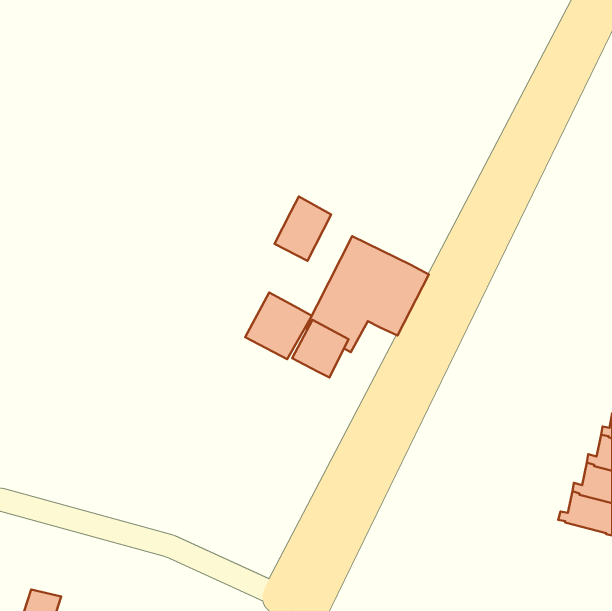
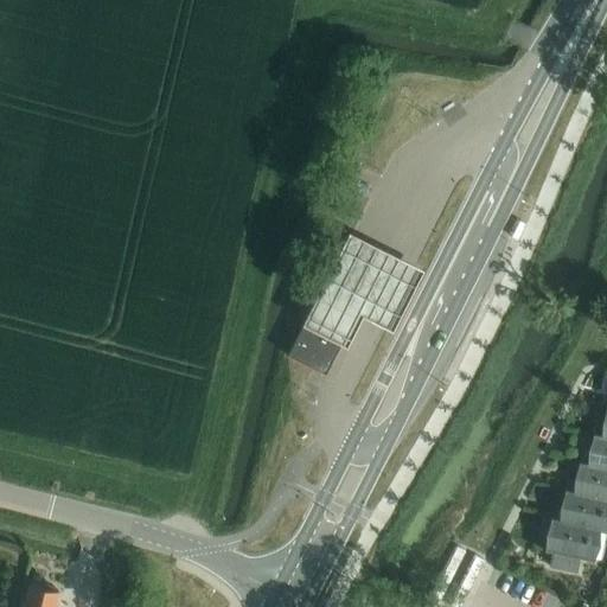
building: [274,197,331,261] -> none
building: [245,292,312,359] -> none
building: none -> [545,516,600,574]

